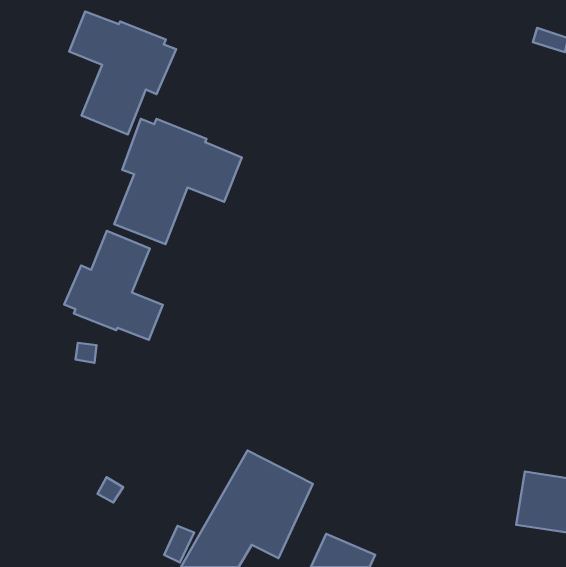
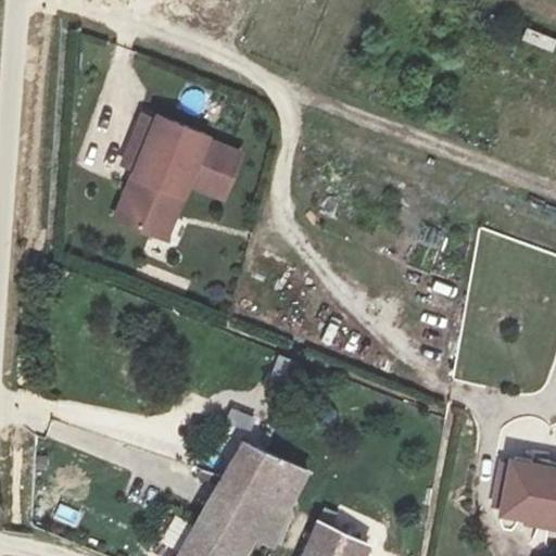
building: [69,11,176,134] -> none
building: [64,231,163,340] -> none

